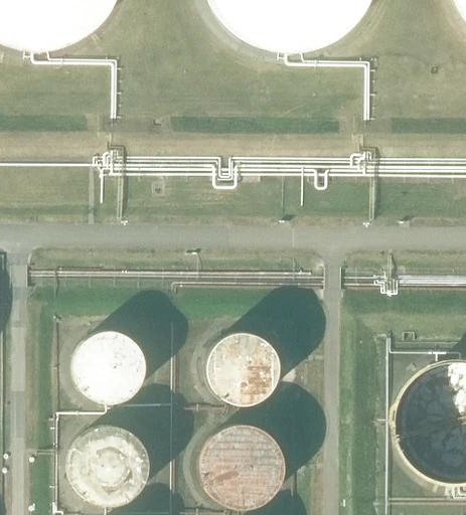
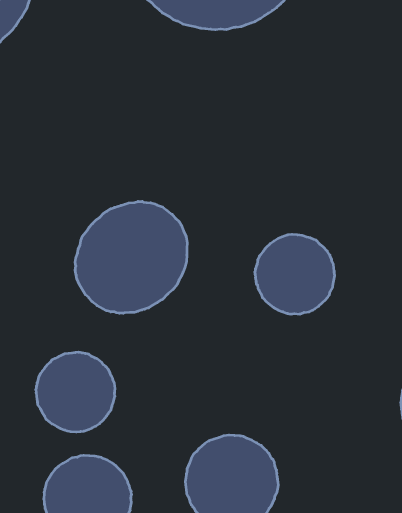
building: none -> [75,201,187,313]
building: [206,332,279,405] -> [255,234,335,314]

